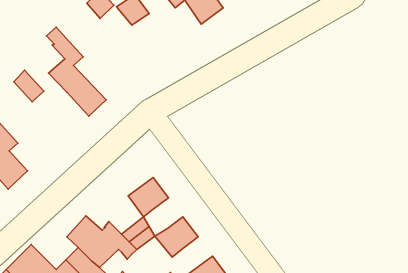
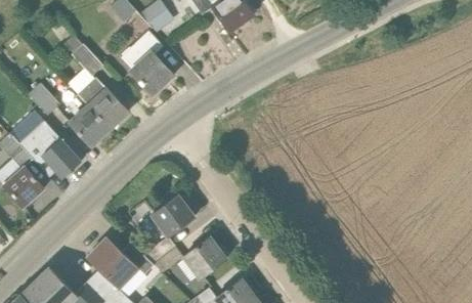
building: none -> [122,30,173,94]
building: none -> [69,103,110,145]
building: none -> [29,117,81,178]

